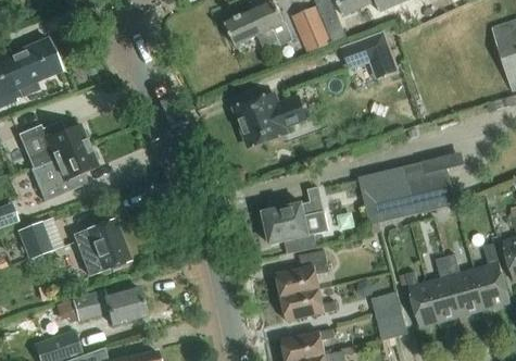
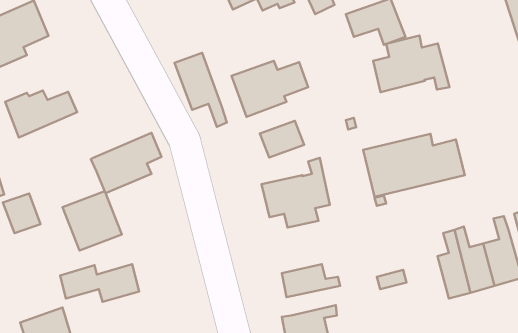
building: none -> [373,35,449,92]
building: none -> [175,53,227,127]
building: [29,142,97,200] -> [91,133,162,193]
building: none -> [260,121,304,157]
building: [276,248,329,296] -> none
building: [404,269,440,325] -> none
building: [375,304,407,340] -> none

